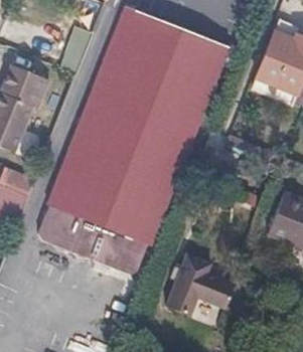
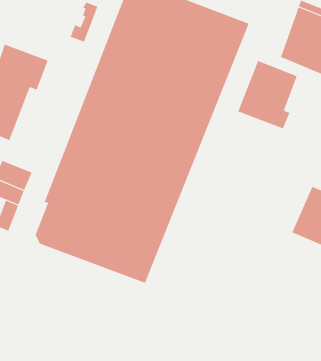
building: none -> [237,60,297,129]
building: [166,252,234,315] -> none

